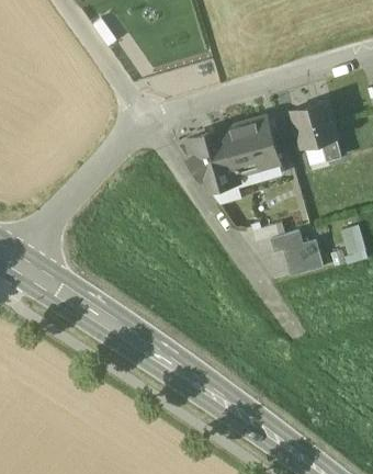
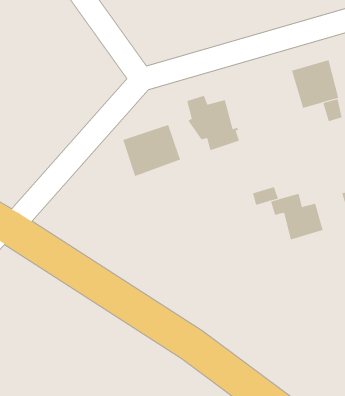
building: [226,117,280,168] -> none
building: none -> [122,124,181,177]

